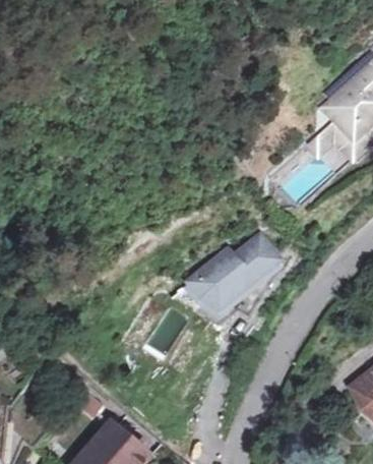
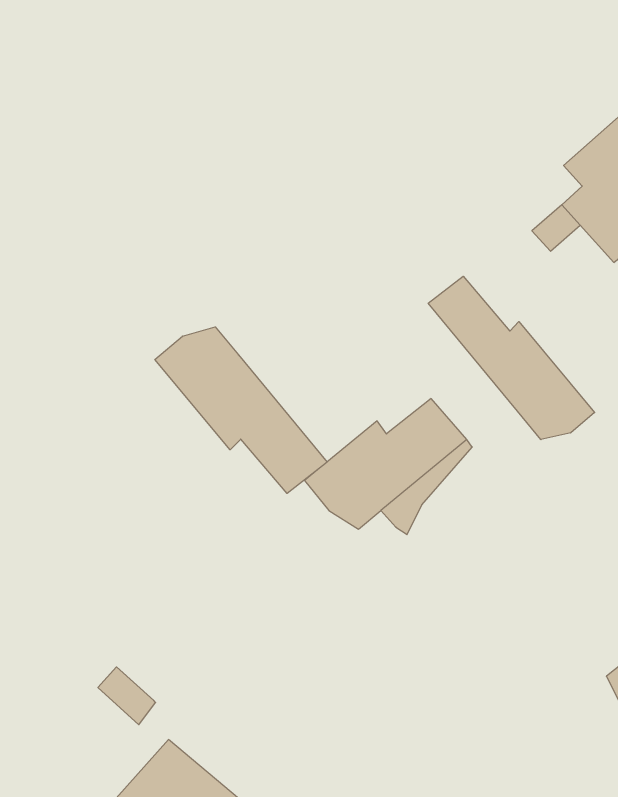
building: none -> [428,276,595,440]
building: none -> [155,327,327,493]

